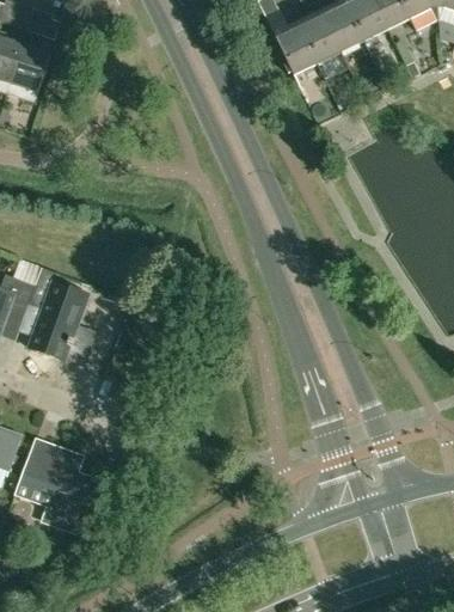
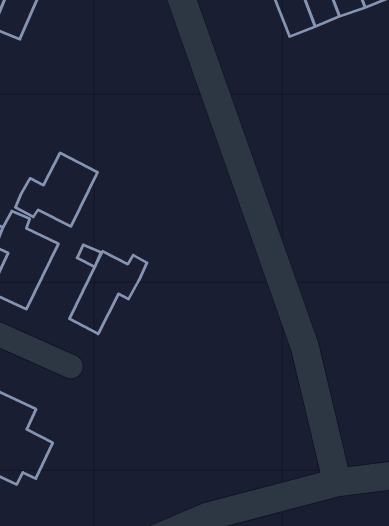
building: none -> [15,153,97,226]
building: none -> [69,251,147,334]

